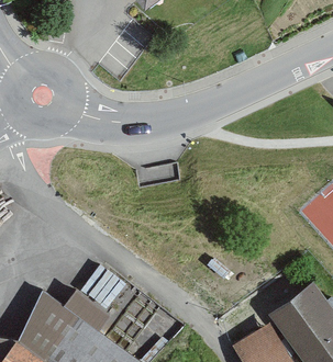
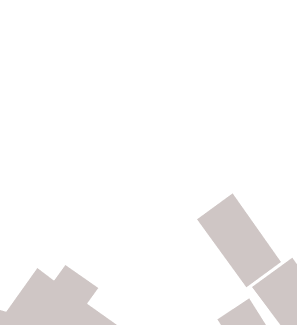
building: none -> [196,192,282,288]

